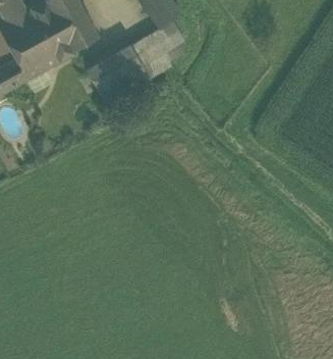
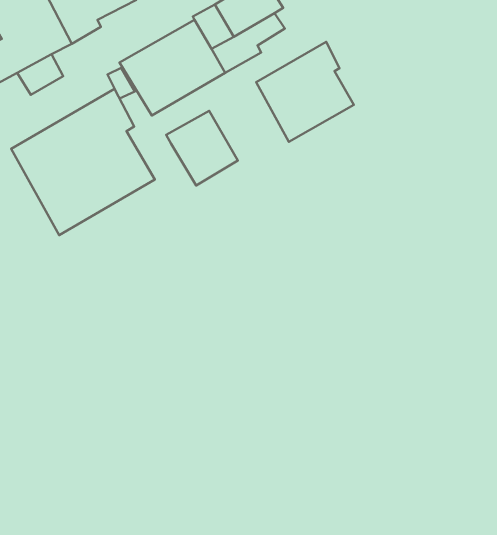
building: none -> [256,42,354,142]
building: none -> [11,89,155,235]
building: none -> [166,111,238,185]

